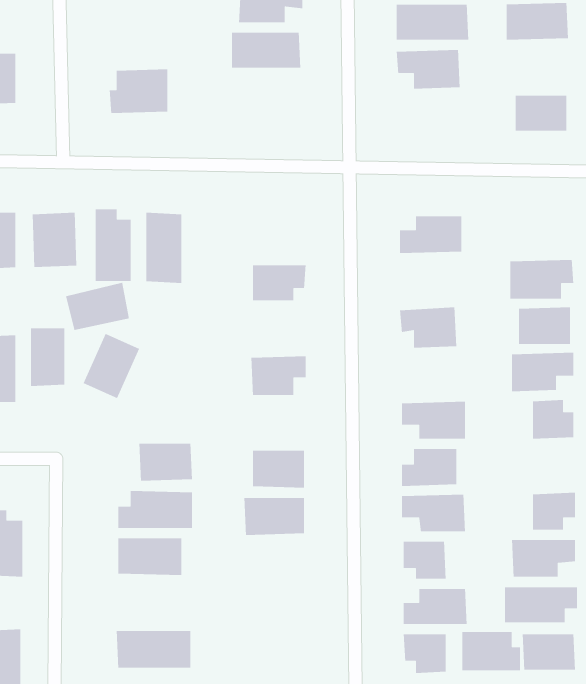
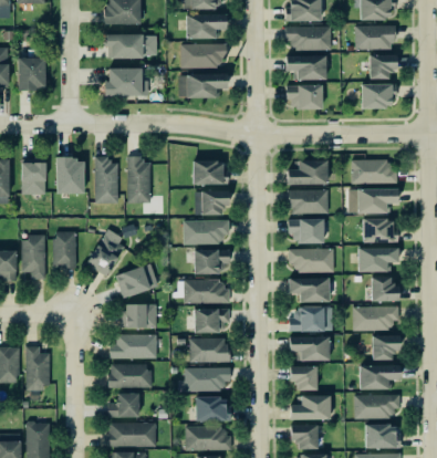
building: none -> [107,34,157,59]
building: none -> [370,54,397,80]
building: none -> [178,74,227,98]
building: none -> [287,85,322,110]
building: none -> [352,159,397,184]
building: none -> [193,160,227,185]
building: none -> [289,189,329,215]
building: [65,282,130,331] -> [116,264,157,295]
building: none -> [184,219,229,246]
building: none -> [291,249,334,272]
building: none -> [184,279,228,303]
building: none -> [353,306,399,331]
building: none -> [185,367,231,392]
building: none -> [108,393,139,418]
building: none -> [196,397,229,421]
building: [461,631,521,671] -> none
building: none -> [186,426,231,450]

